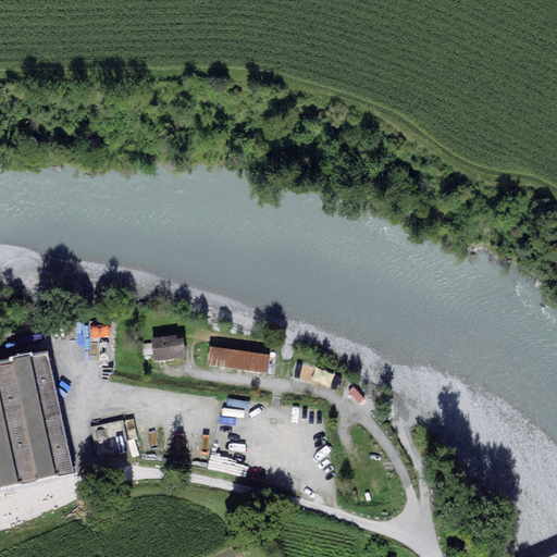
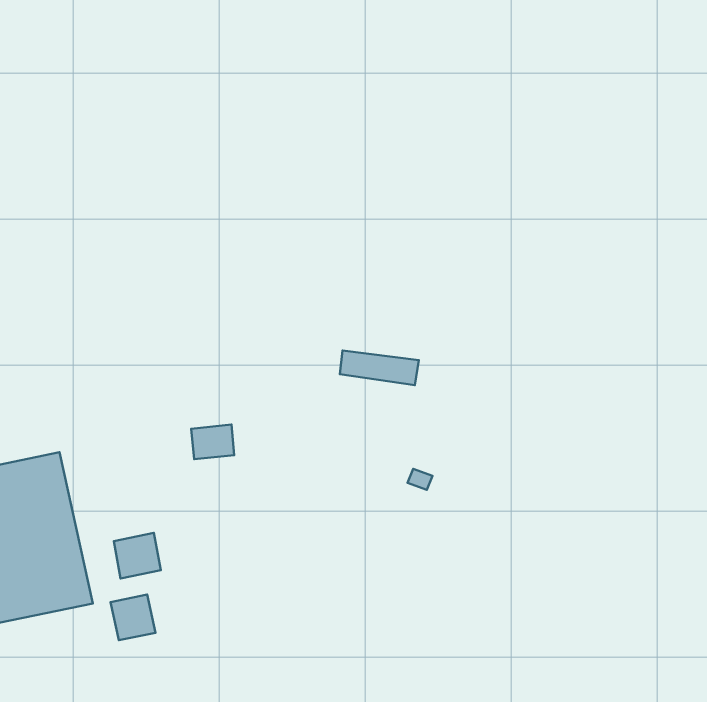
building: [206,345,268,372] -> [340,351,419,385]
building: none -> [111,595,155,640]

